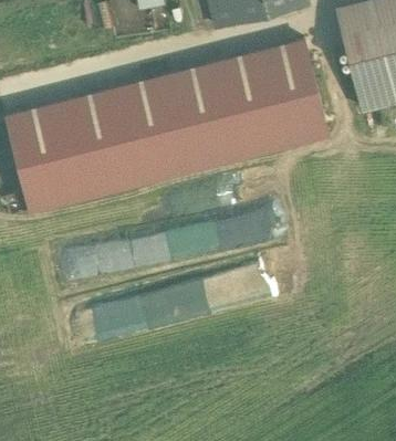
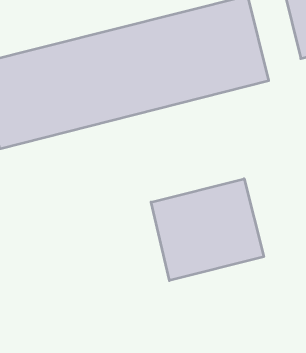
building: none -> [151,179,264,281]

